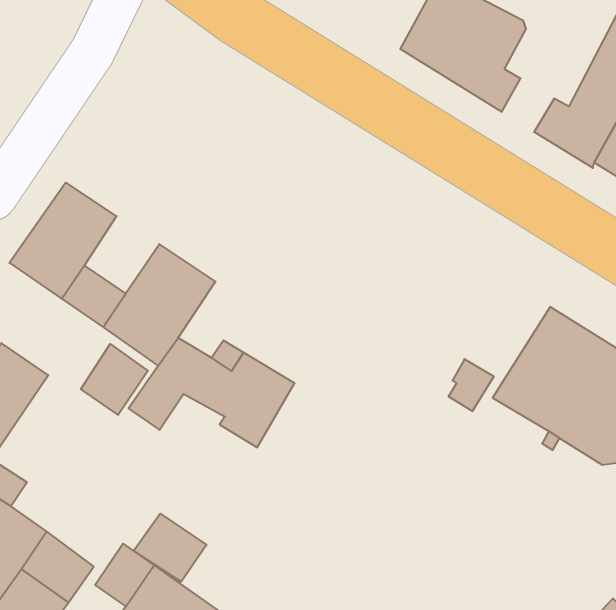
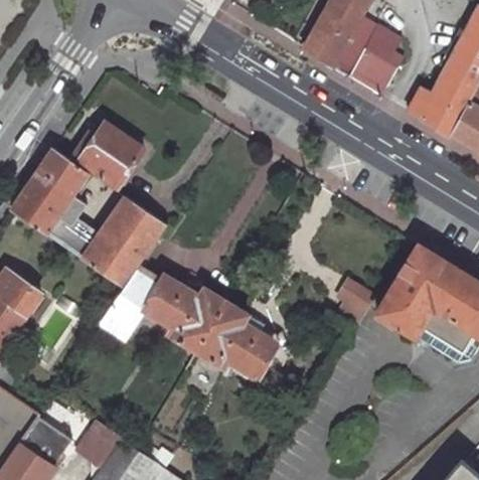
building: none -> [73,122,144,184]
building: [81,344,148,415] -> none
building: none -> [196,300,273,376]
building: [134,514,207,582] -> none

